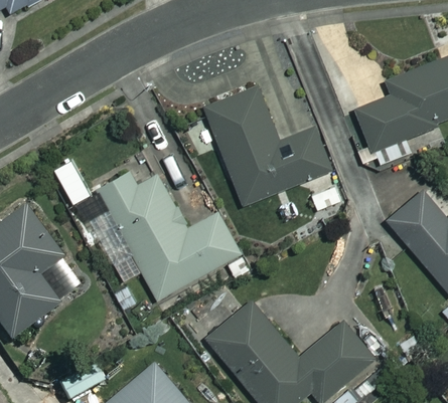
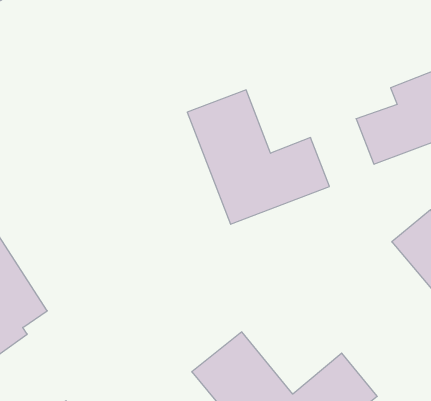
building: [98,162,240,298] -> none

